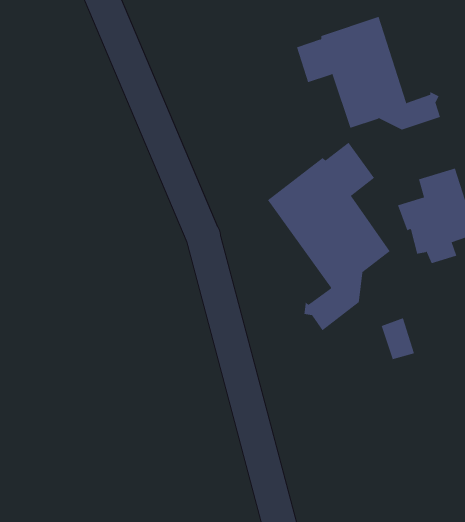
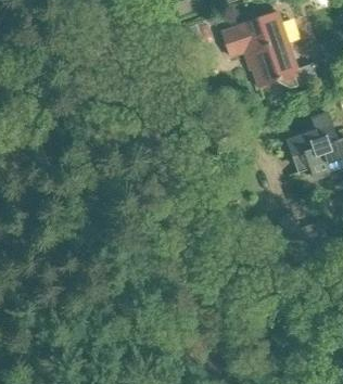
building: [267,142,391,331] -> none

